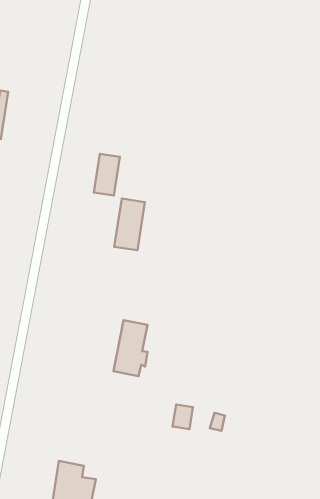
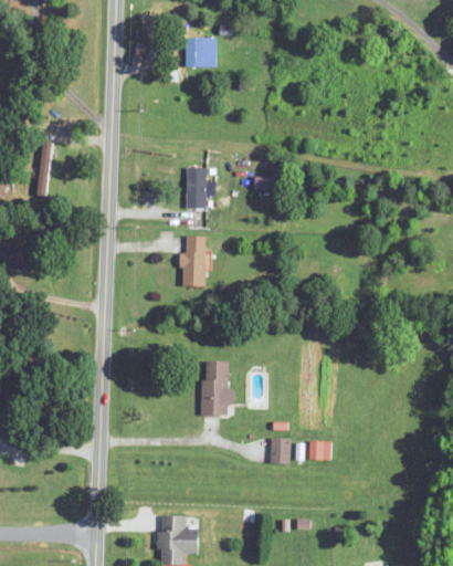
building: none -> [186,38,218,67]
building: [94,154,120,196] -> [186,168,207,209]

